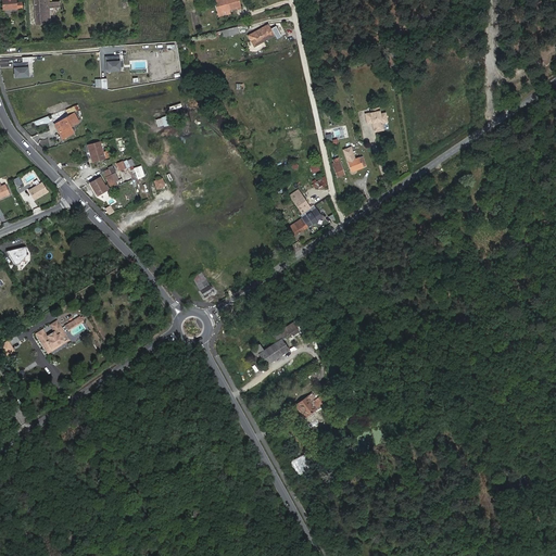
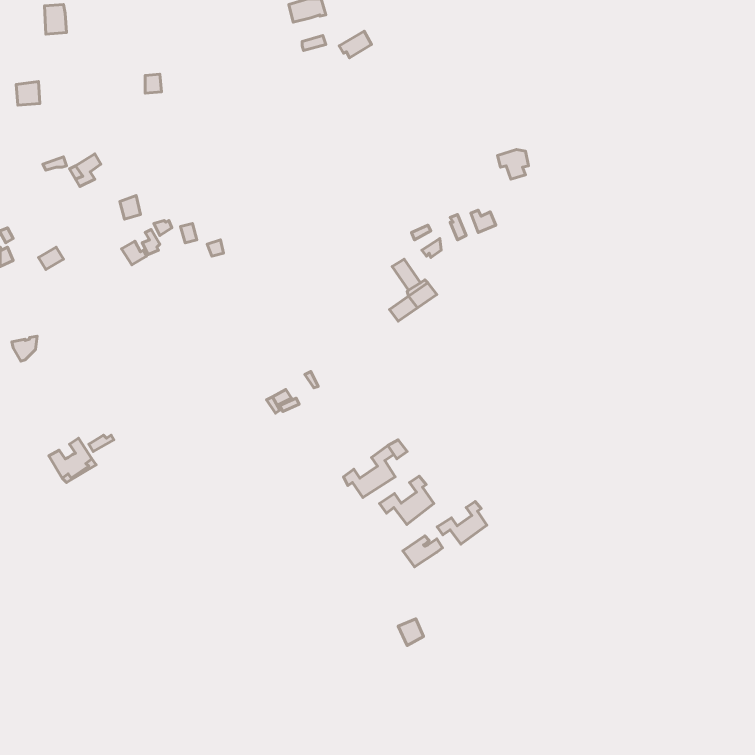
building: none -> [379,476,434,525]
building: none -> [437,502,487,544]

